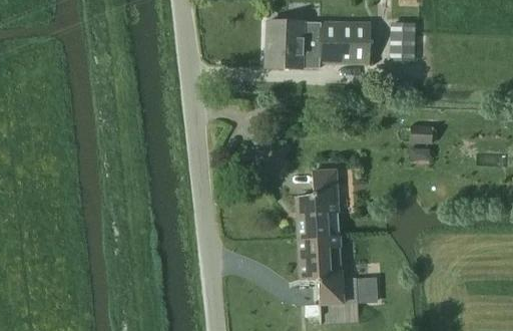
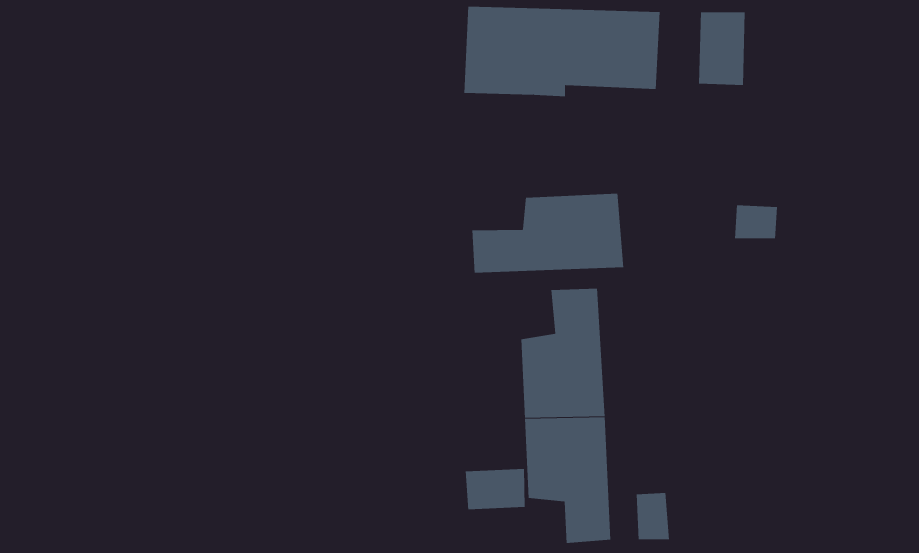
building: none -> [472,193,624,274]
building: none -> [465,468,525,510]

